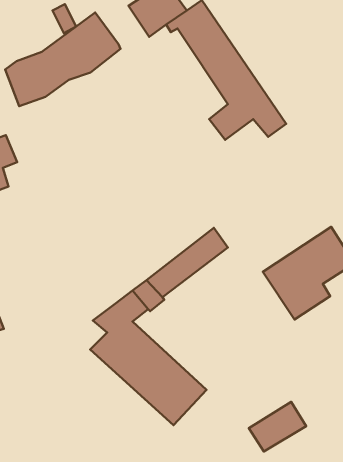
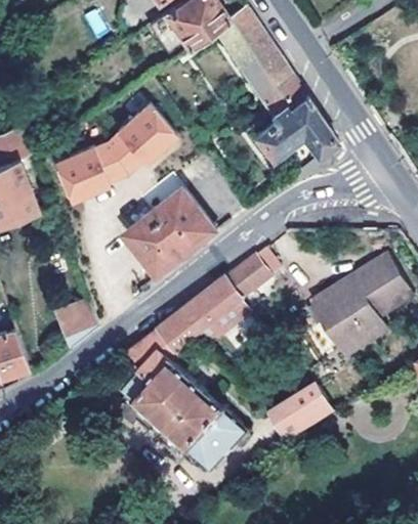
building: [5,12,121,106] -> [51,106,177,209]
building: none -> [126,189,218,278]
building: none -> [54,297,97,346]
building: [249,402,306,452] -> [269,383,332,437]

